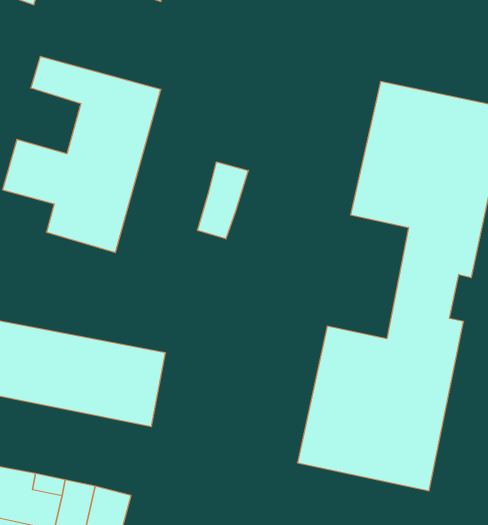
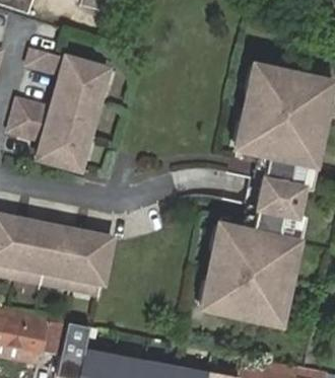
building: [197,162,248,239] -> none

